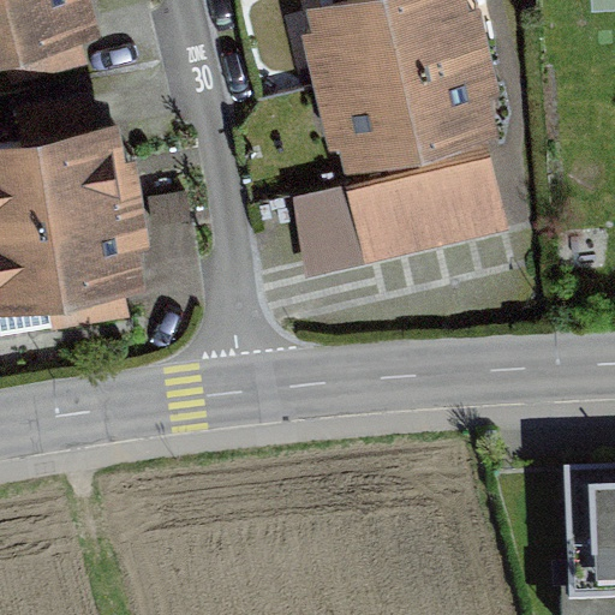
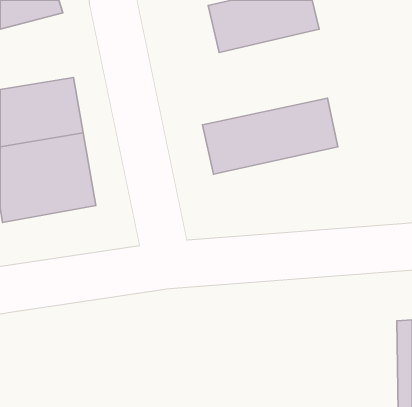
building: [327,50,494,162] -> none

